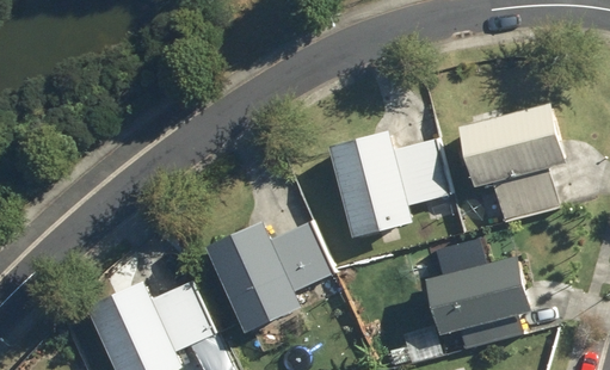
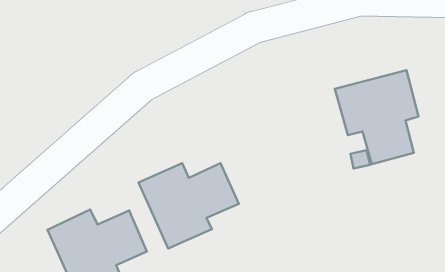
building: [326,130,448,238] -> none
building: [425,255,529,350] -> none

